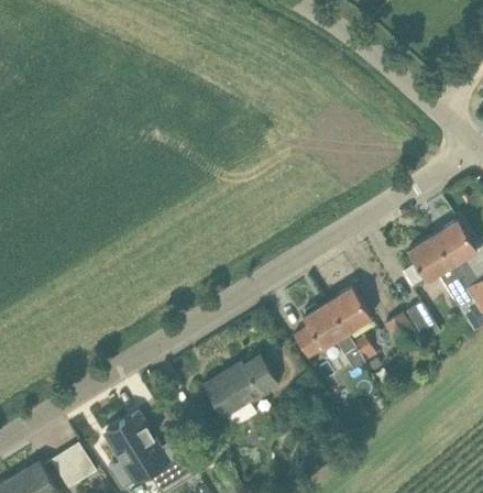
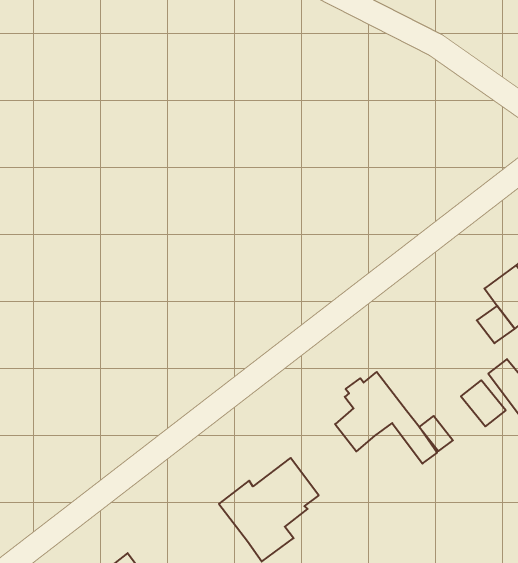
building: [327,286,371,331] -> none

